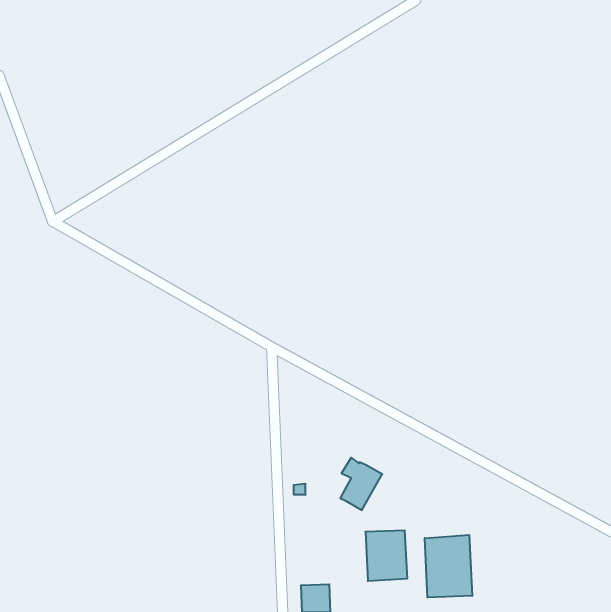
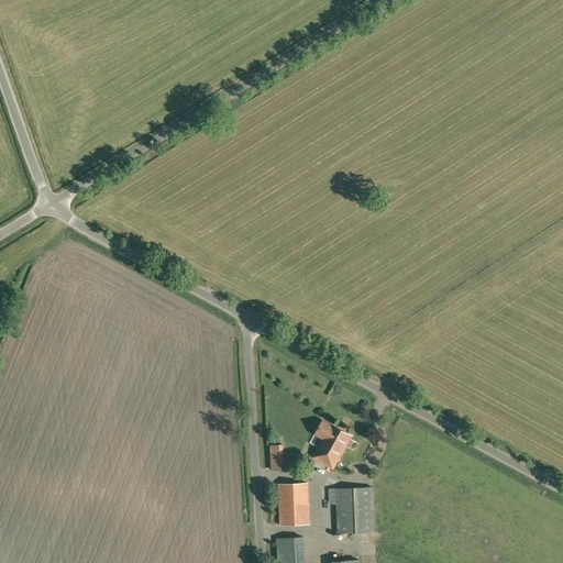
building: none -> [278,483,308,525]
building: [425,535,472,598] -> none

